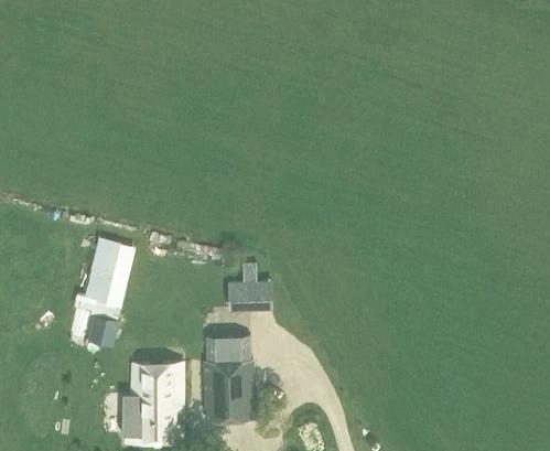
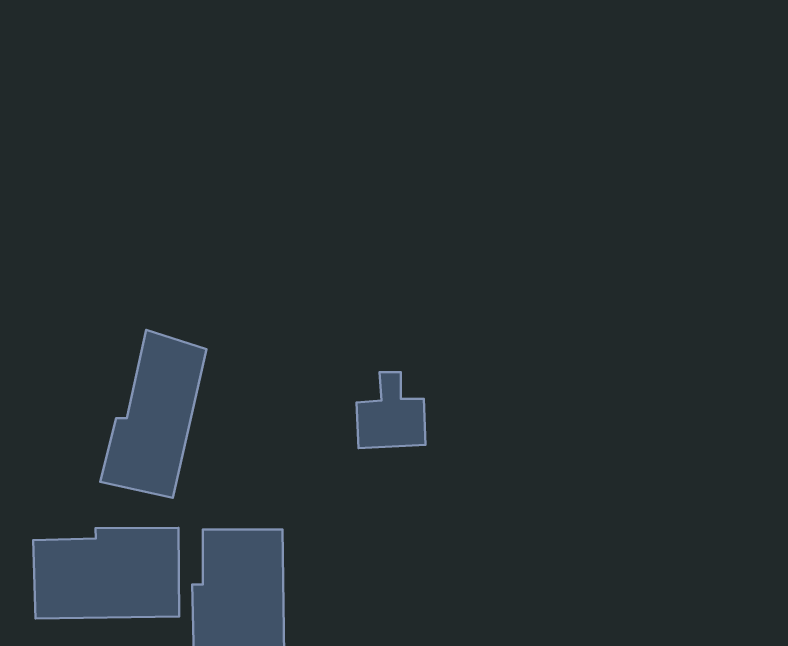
building: [205,334,256,419] -> none
building: none -> [33,528,179,619]

